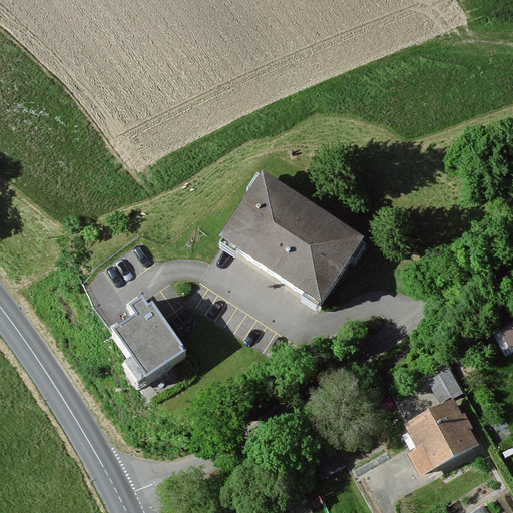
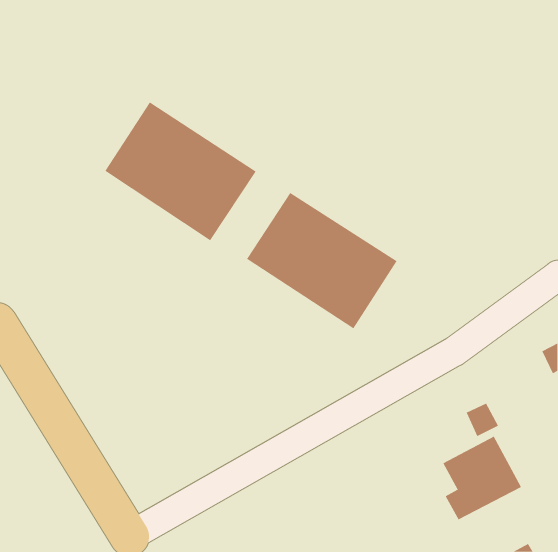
building: none -> [104,101,257,241]
building: [120,296,185,374] -> none

